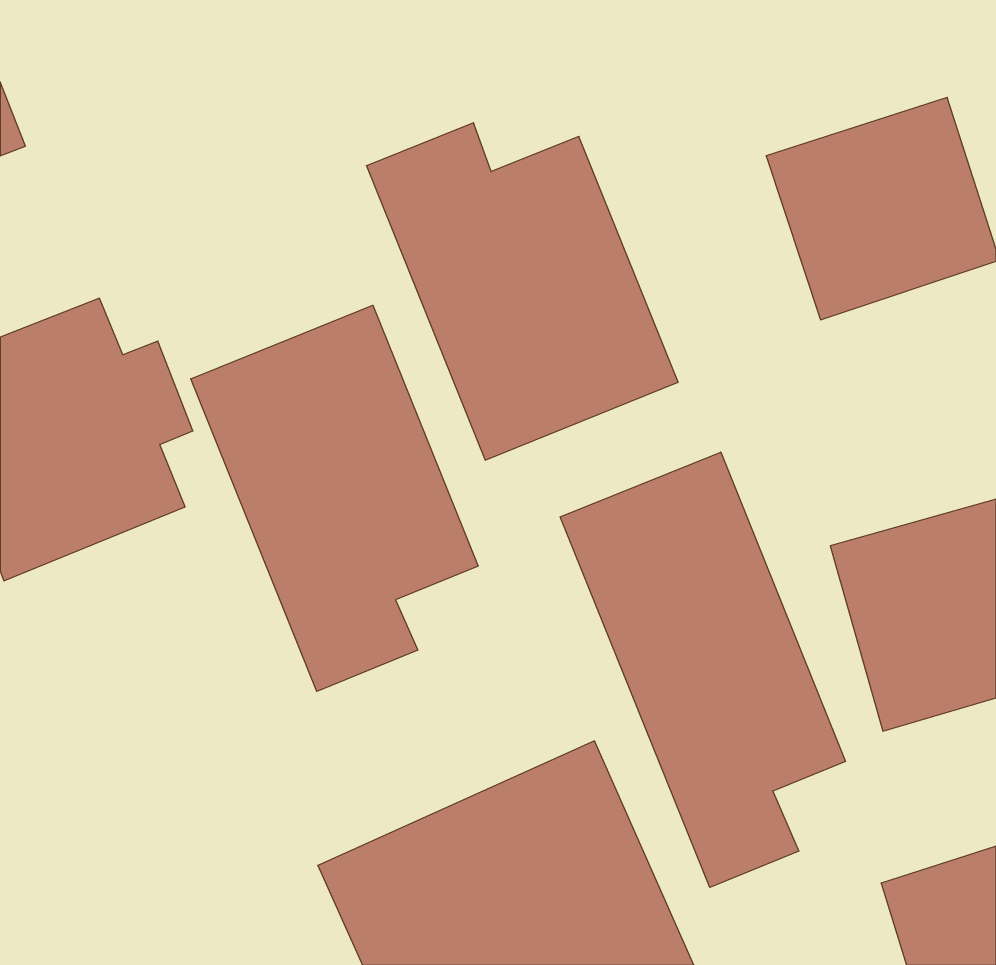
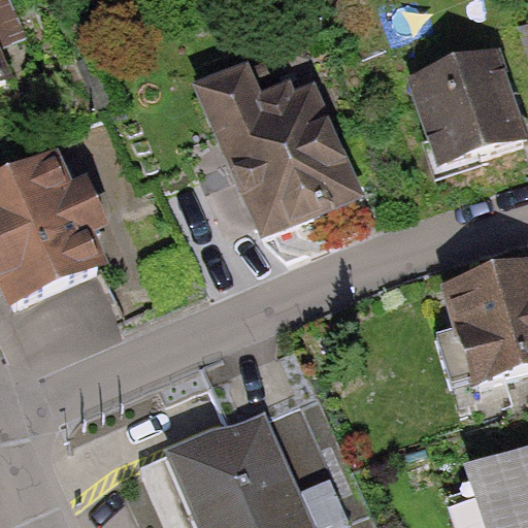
building: [191,305,478,691] -> none
building: [560,452,846,887] -> none

